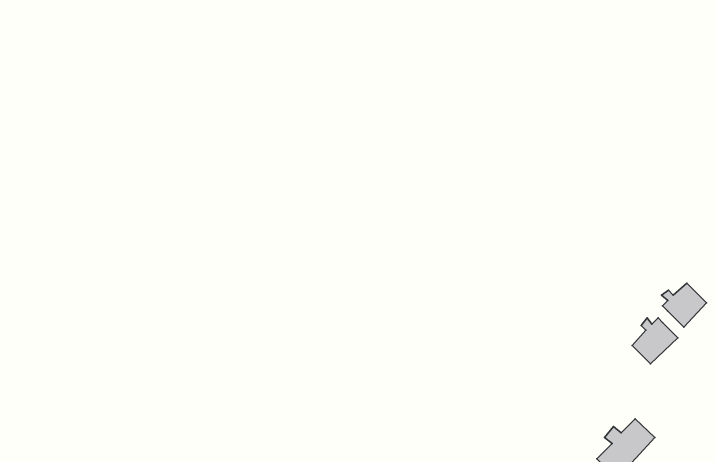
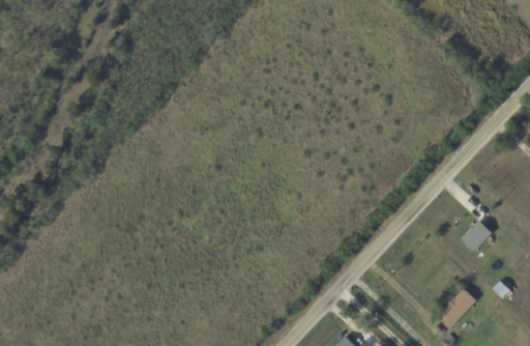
building: [661,283,707,327] -> none

